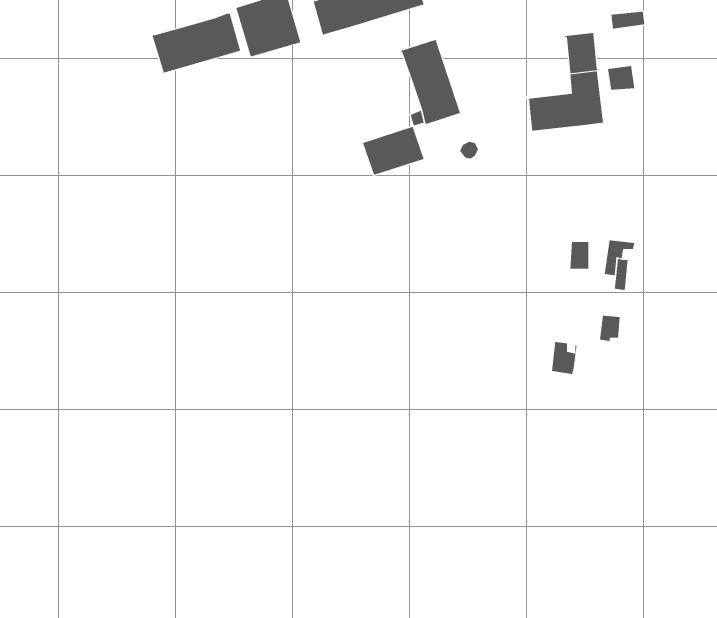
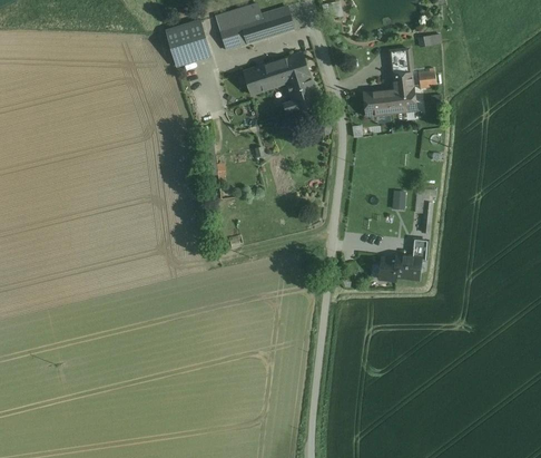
building: [152,13,241,74] -> none
building: [362,126,425,176] -> [243,61,285,95]
building: none -> [394,255,419,279]

